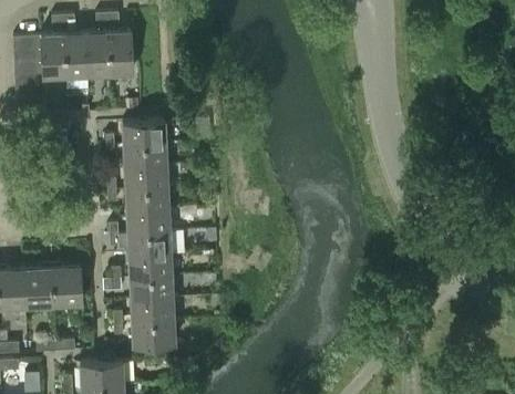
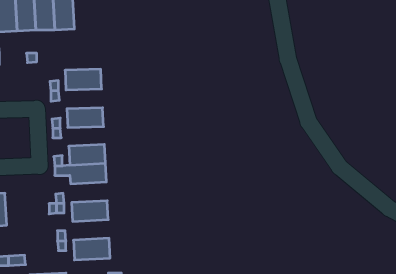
building: [123,144,166,167] -> none
building: [125,188,168,211] -> none
building: [128,253,172,278] -> none
building: [51,266,82,304] -> none
building: [131,298,174,322] -> none

